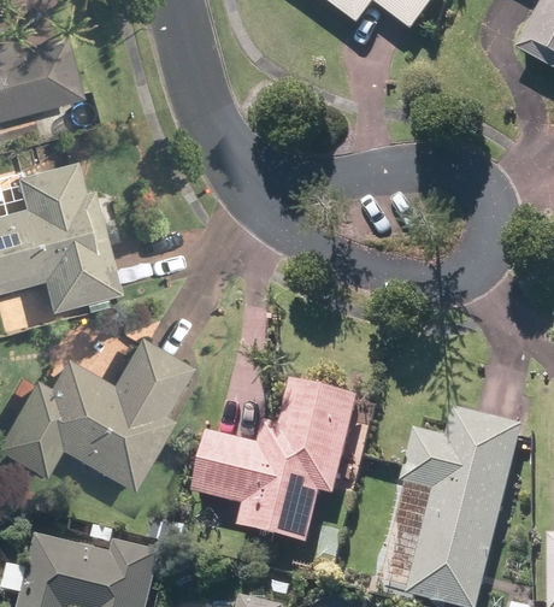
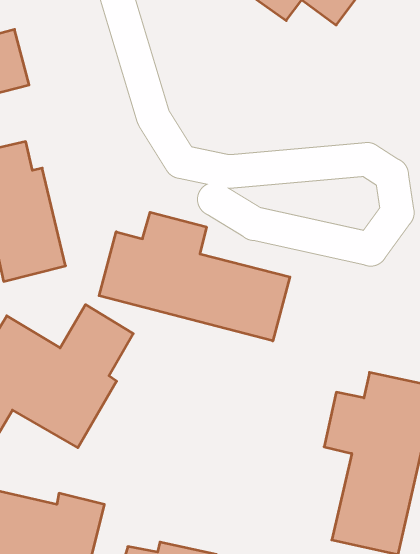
building: none -> [99,212,290,341]
building: [191,378,360,543] -> none

